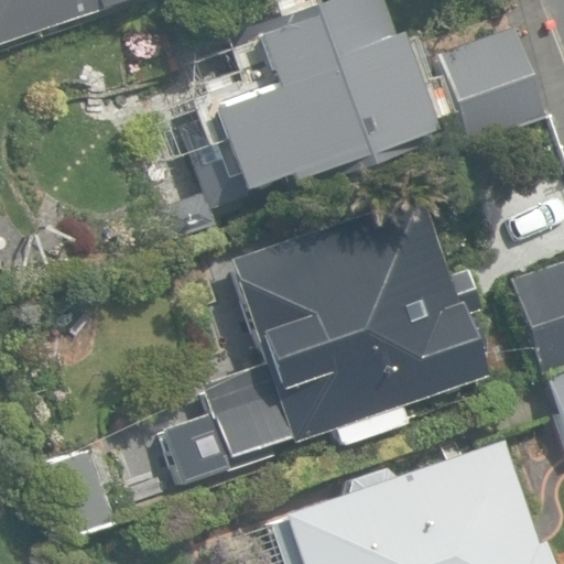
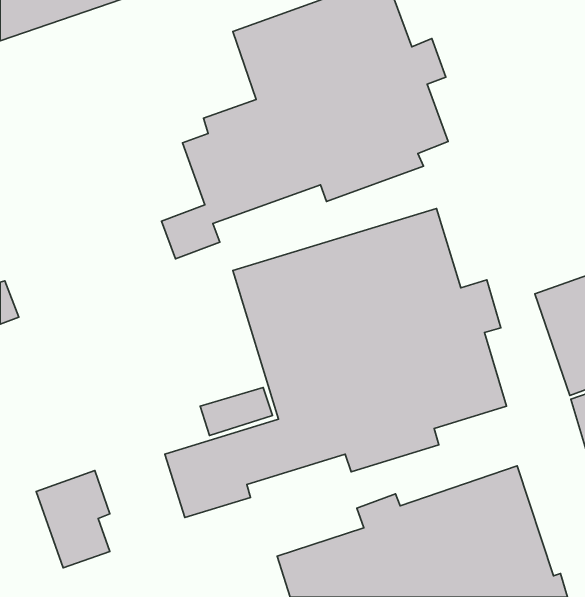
building: [438,25,549,148] -> none

